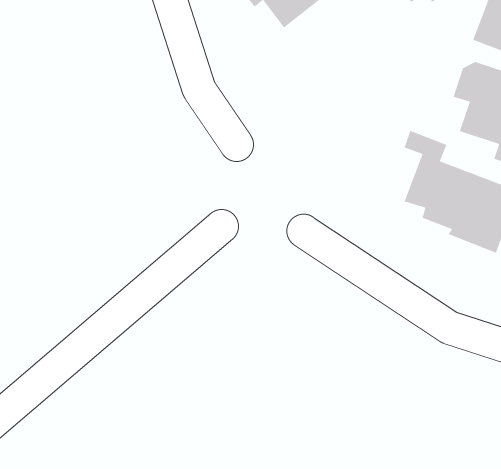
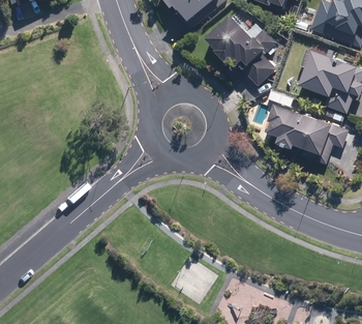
building: none -> [209,13,279,85]

